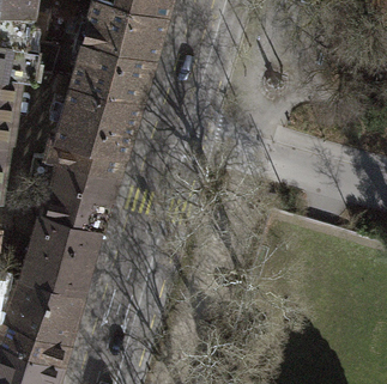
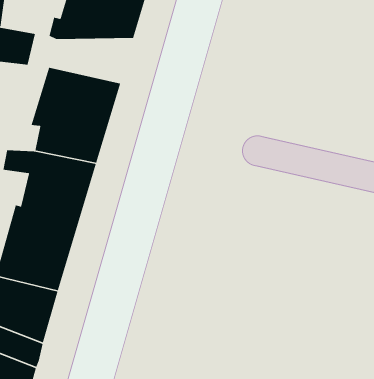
building: [72,57,152,99] -> none

